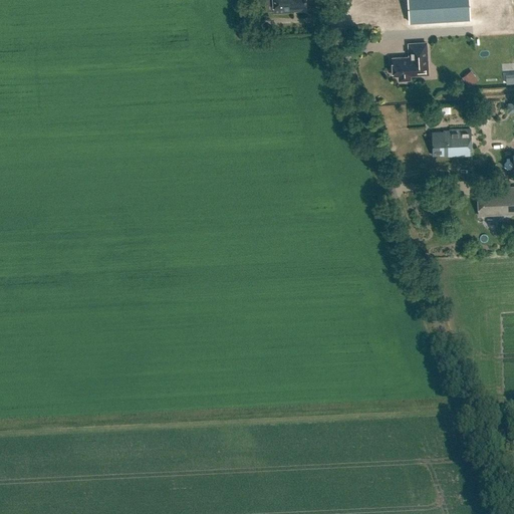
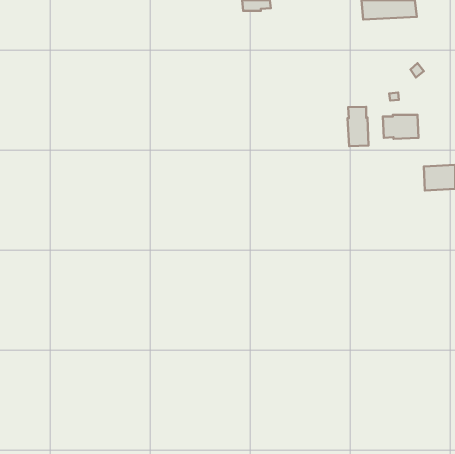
building: [391,43,426,79] -> none
building: none -> [347,107,369,146]

